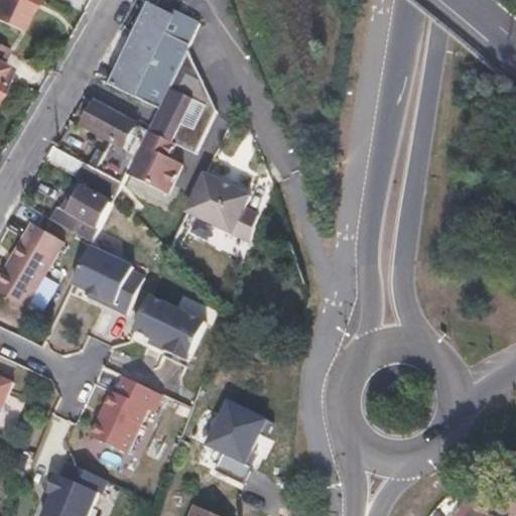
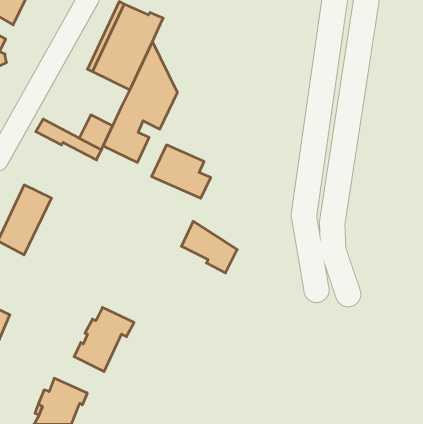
building: [81,102,147,152] -> none
building: [63,187,113,242] -> none
building: [74,255,138,311] -> none
building: [134,294,202,357] -> [181,221,237,273]
building: [202,397,263,462] -> none

